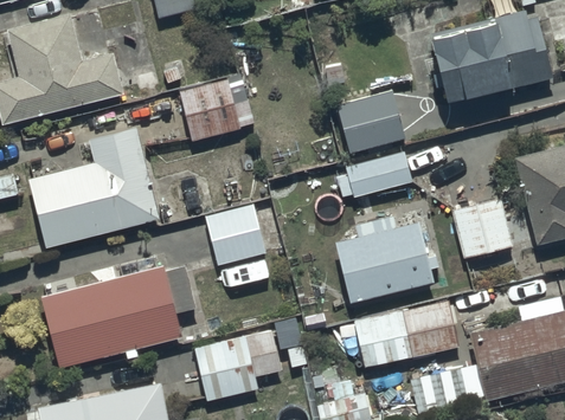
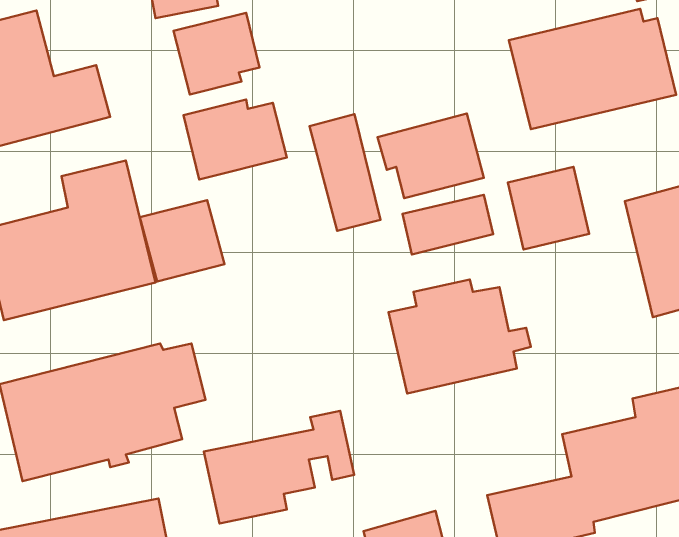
building: none -> [174,13,259,94]
building: none -> [309,114,381,231]
building: [452,196,514,259] -> [508,167,589,250]
building: [204,203,268,265] -> [140,200,224,281]
building: [353,301,461,368] -> none

